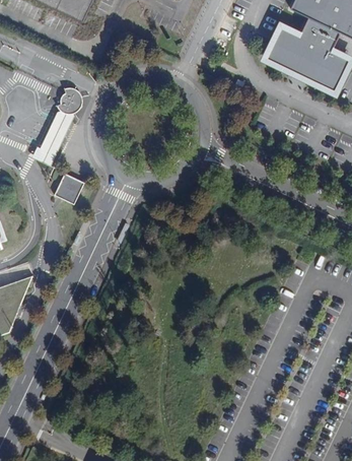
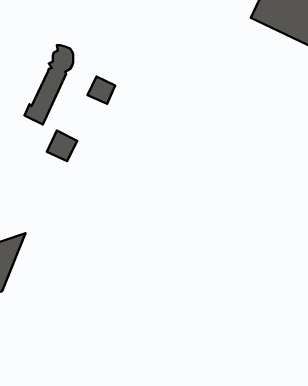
building: none -> [88,76,115,104]

